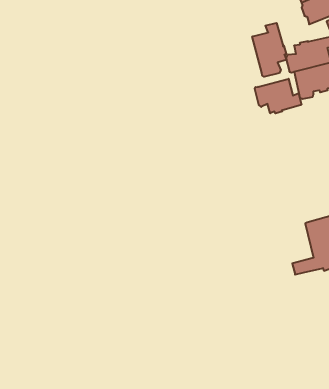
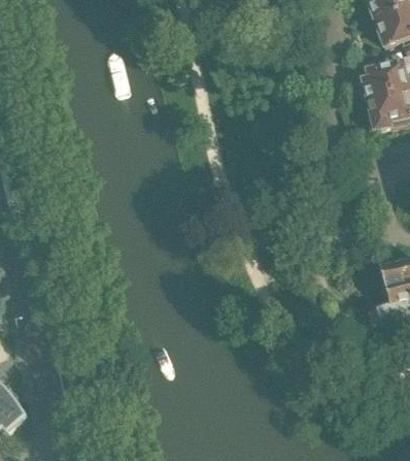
building: [252,23,286,77] -> none
building: [255,79,301,113] -> none

